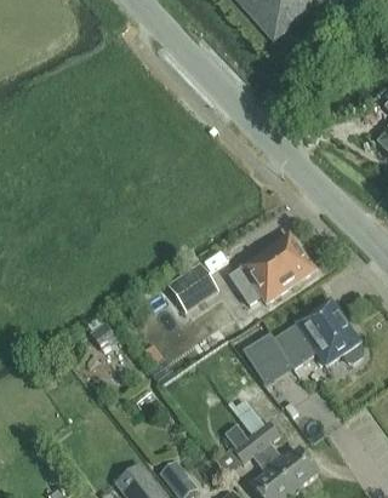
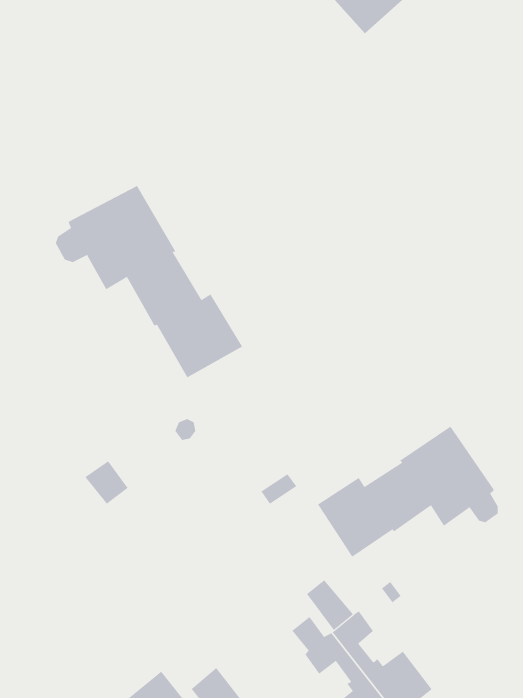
building: none -> [55,185,243,378]
building: [230,234,315,304] -> none
building: [169,262,221,313] -> none

